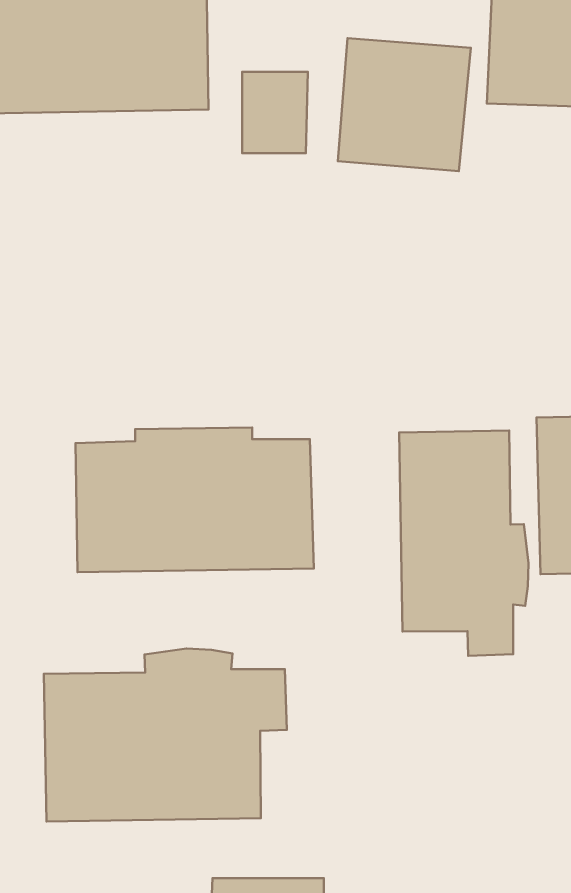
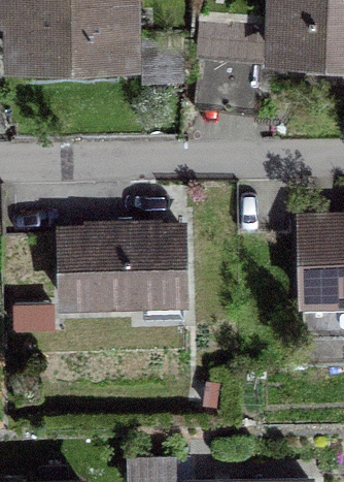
building: [399,430,529,656] -> none
building: [44,648,287,822] -> none

